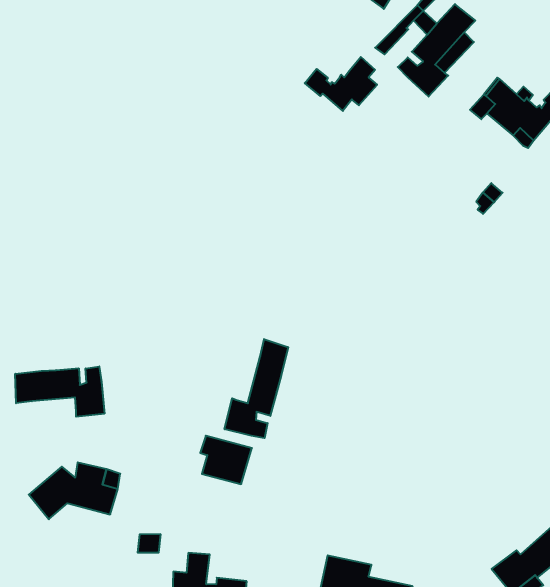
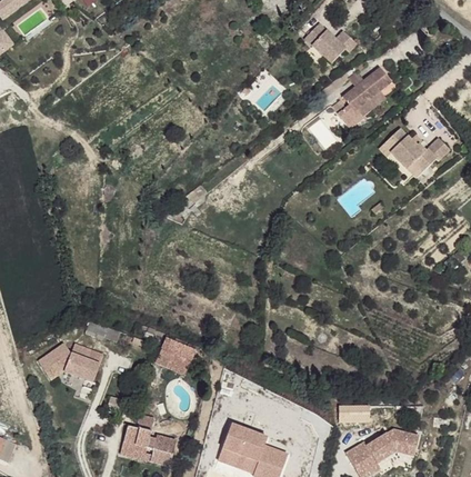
building: [305,57,377,111] -> none
building: [225,339,288,438] -> none
building: [15,366,104,417] -> none

